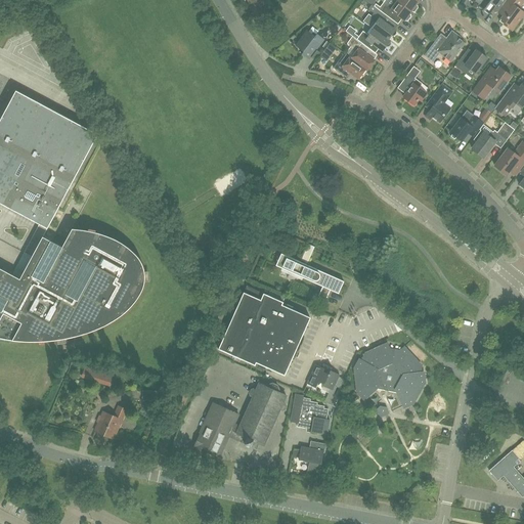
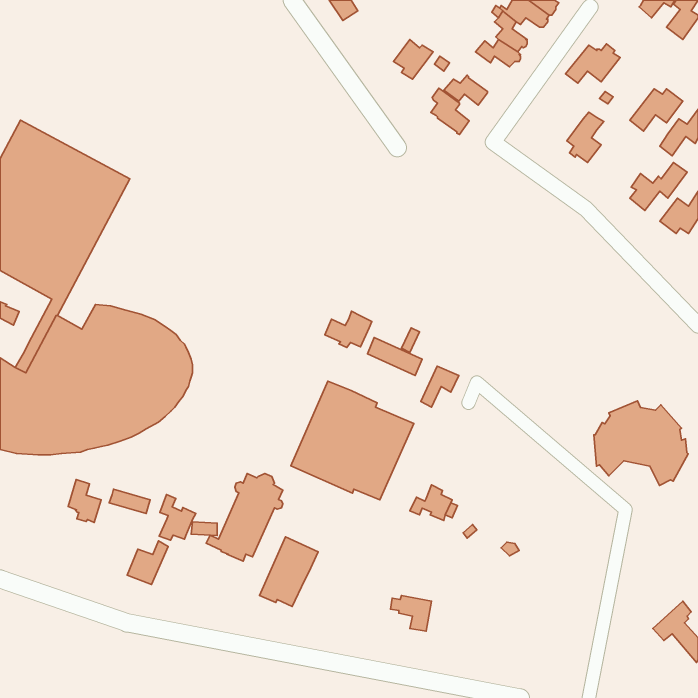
building: [346,36,375,71] -> [431,88,469,134]
building: [455,49,487,74] -> none
building: [402,67,427,105] -> none
building: [450,111,487,141] -> none
building: none -> [325,311,372,347]
building: [354,343,425,406] -> [594,401,688,485]
building: none -> [68,480,101,522]
building: none -> [159,494,196,540]
building: [228,383,286,448] -> [206,474,283,561]
building: [290,393,330,435] -> none

